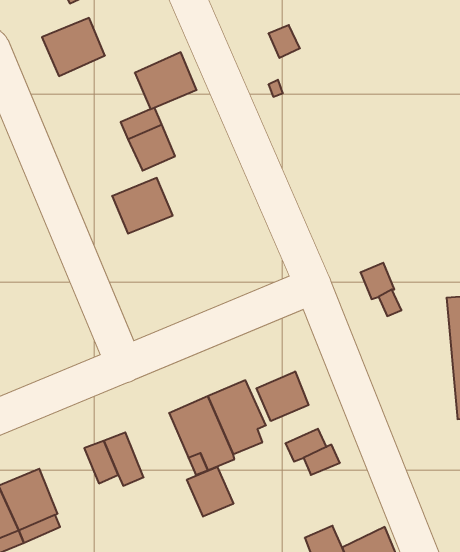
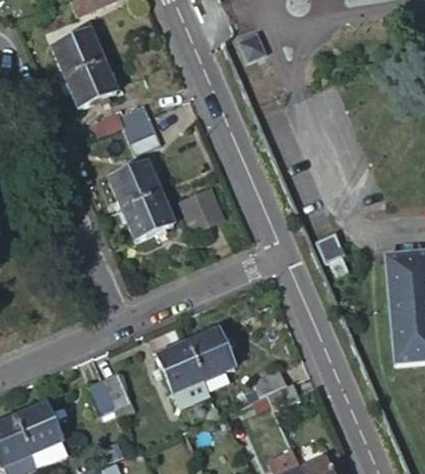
building: [135,52,197,109] -> [65,59,116,106]
building: none -> [180,187,223,229]
building: none -> [122,192,173,239]
building: [256,371,309,421] -> none
building: [187,467,233,517] -> none

